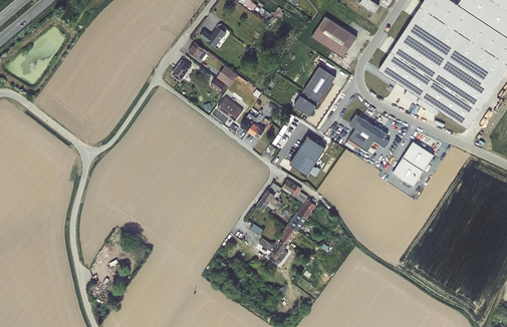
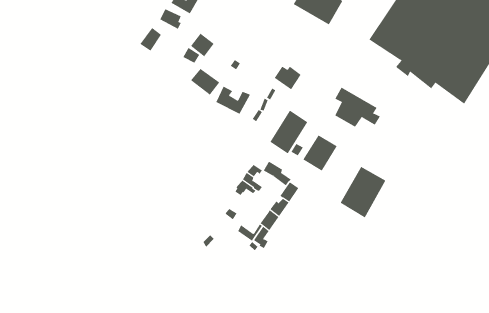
building: [302,65,335,102] -> none
building: [393,140,435,188] -> [340,166,386,218]
building: none -> [303,134,338,171]

